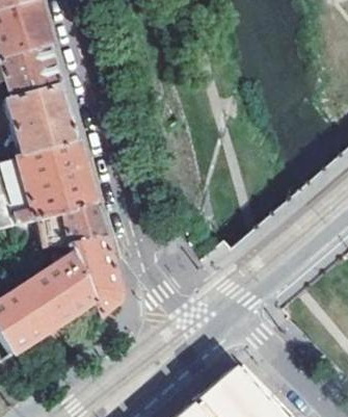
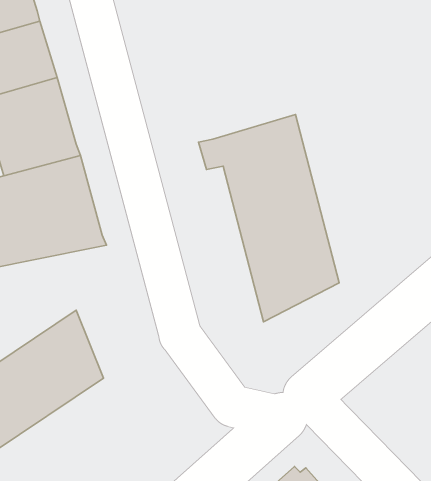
building: none -> [199,115,339,322]
building: [42,206,124,328] -> none

